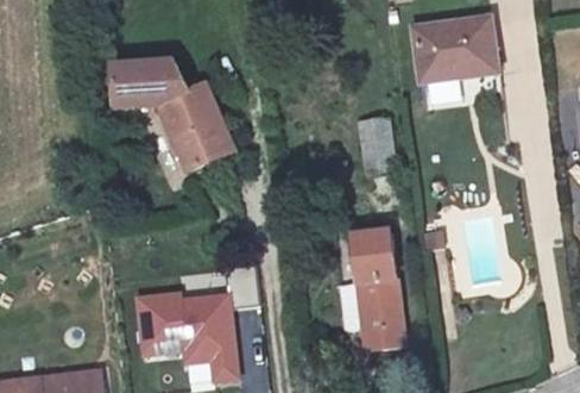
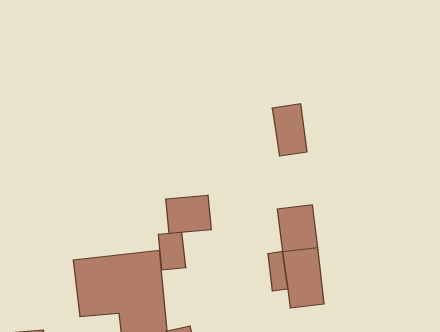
building: [423,15,504,76] -> none
building: [111,57,228,166] -> none
building: none -> [166,195,211,234]

